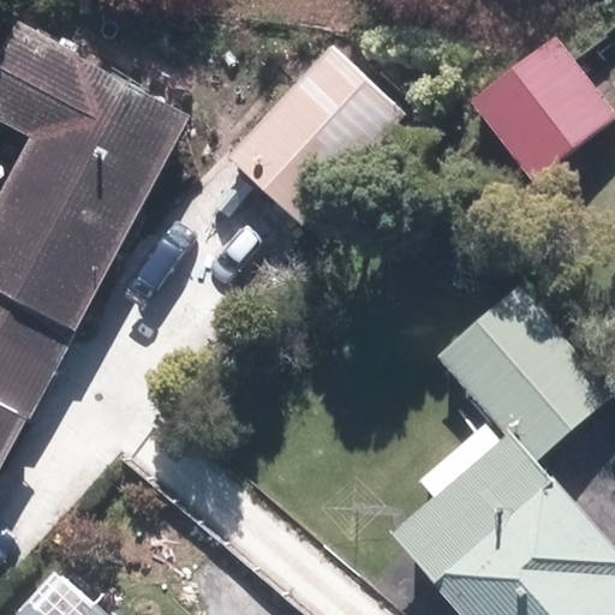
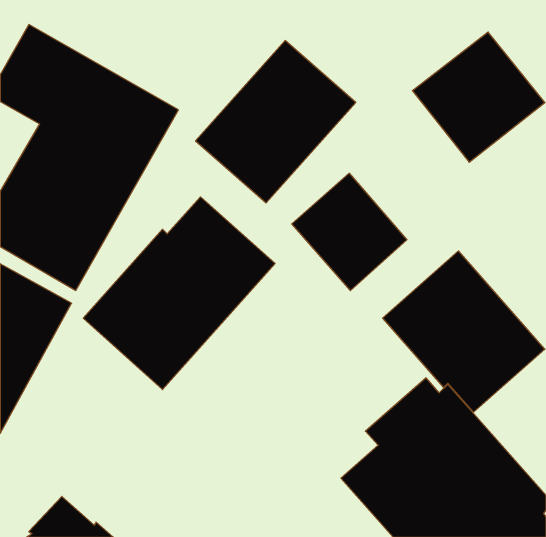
building: none -> [292,173,407,291]
building: none -> [83,197,275,390]

